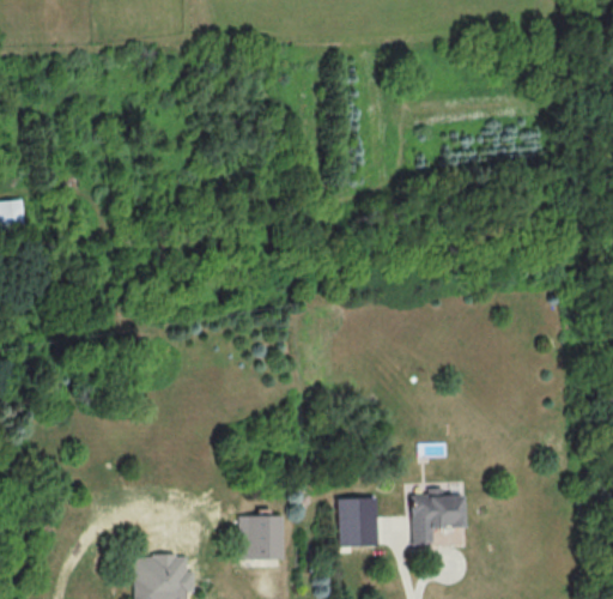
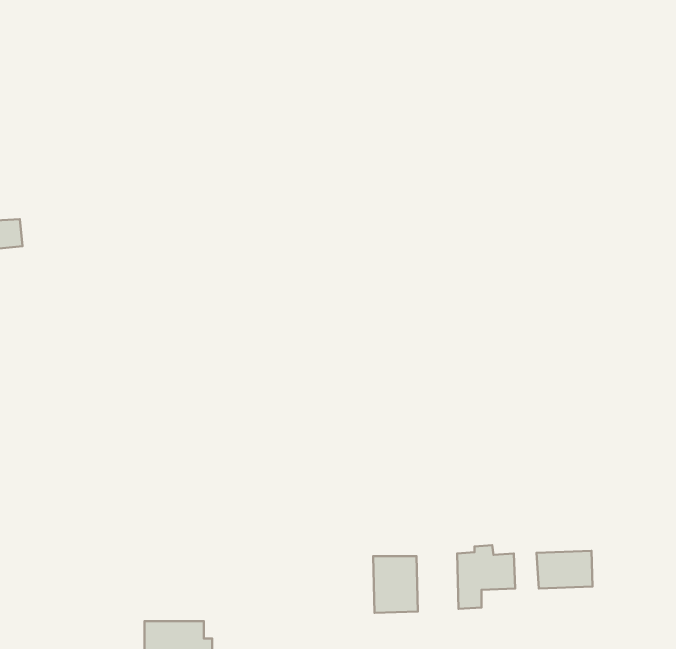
building: none -> [536,551,593,589]
building: [238,515,283,559] -> none

